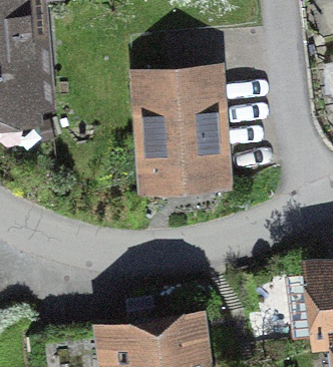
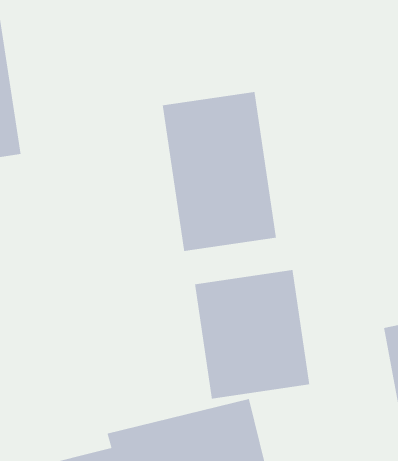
building: none -> [194,269,310,400]

